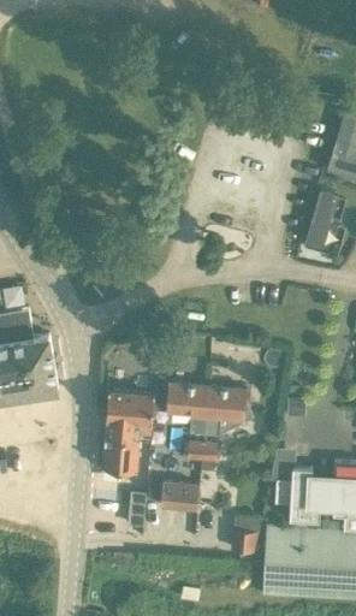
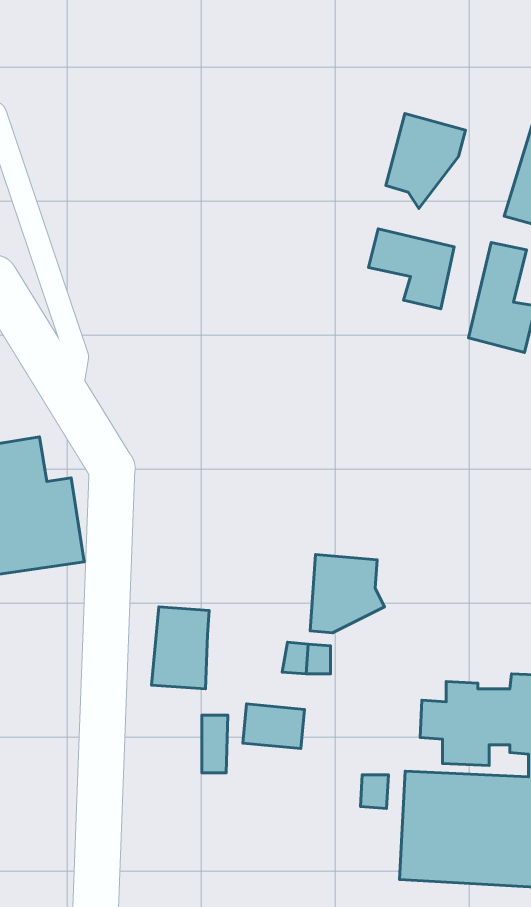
building: none -> [386,113,466,208]
building: none -> [368,229,454,309]
building: [105,384,206,439] -> none

